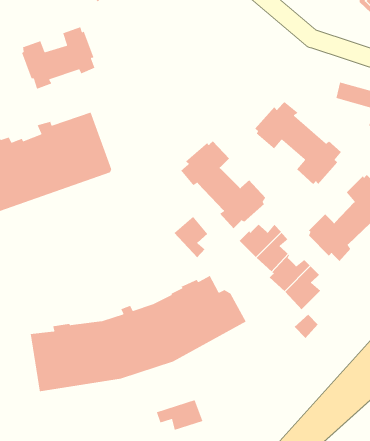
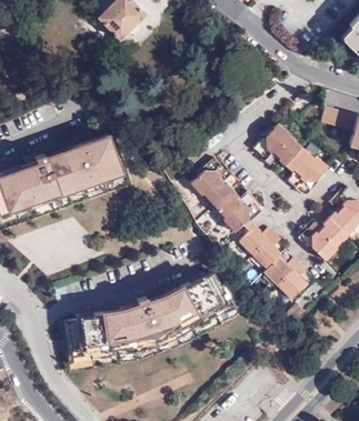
building: [21,26,96,90] -> none
building: [174,216,208,258] -> none
building: [156,399,203,431] -> none

